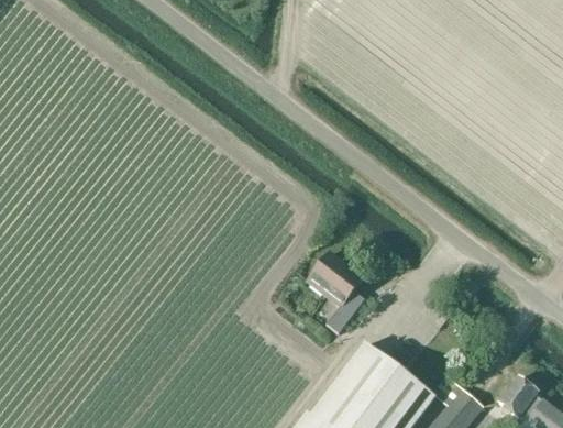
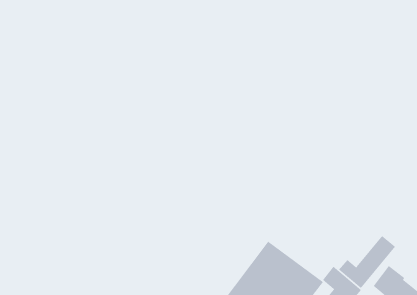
building: [306,252,362,333] -> none
building: none -> [338,235,396,289]

